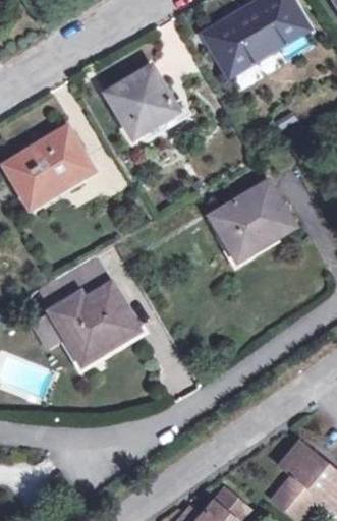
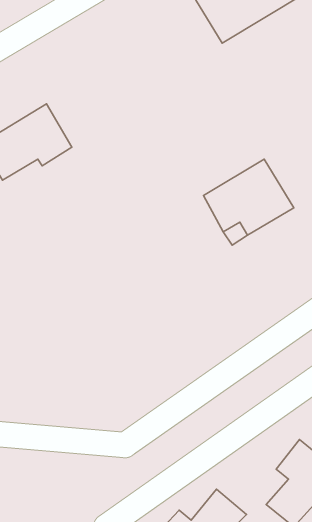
building: [106,65,178,140] -> none
building: [49,283,137,364] -> none

